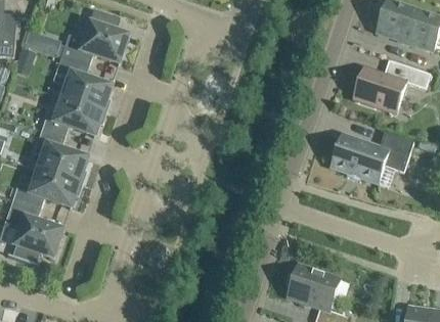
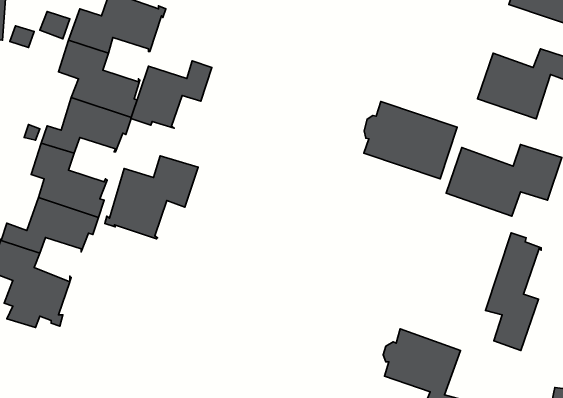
building: none -> [131,61,212,128]
building: none -> [364,102,457,179]
building: none -> [105,156,198,239]
building: none -> [485,233,541,350]

